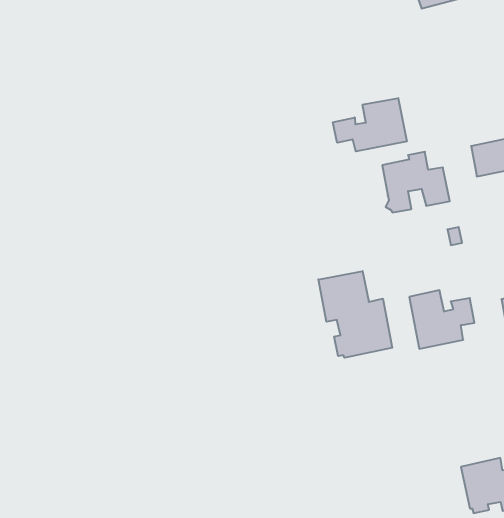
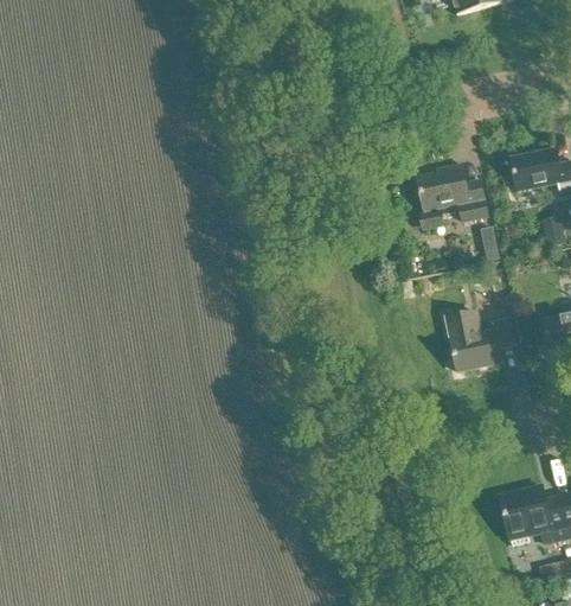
building: [333,98,407,151] -> none
building: [318,271,392,358] -> none

